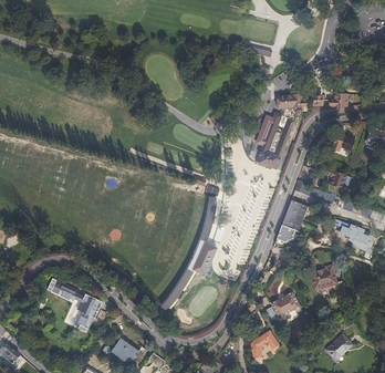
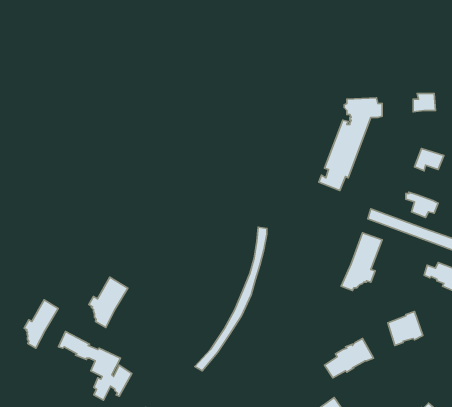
building: none -> [89,277,128,328]
building: none -> [24,300,58,348]

